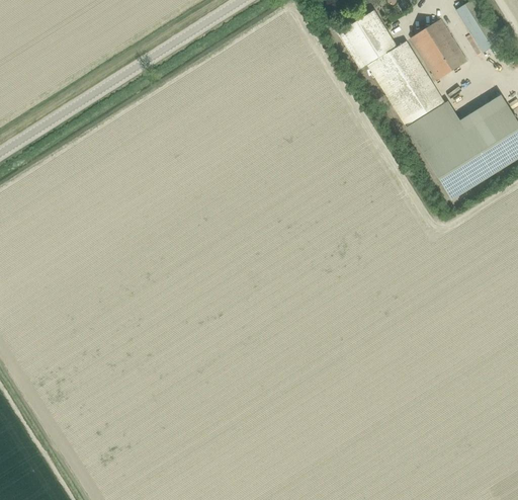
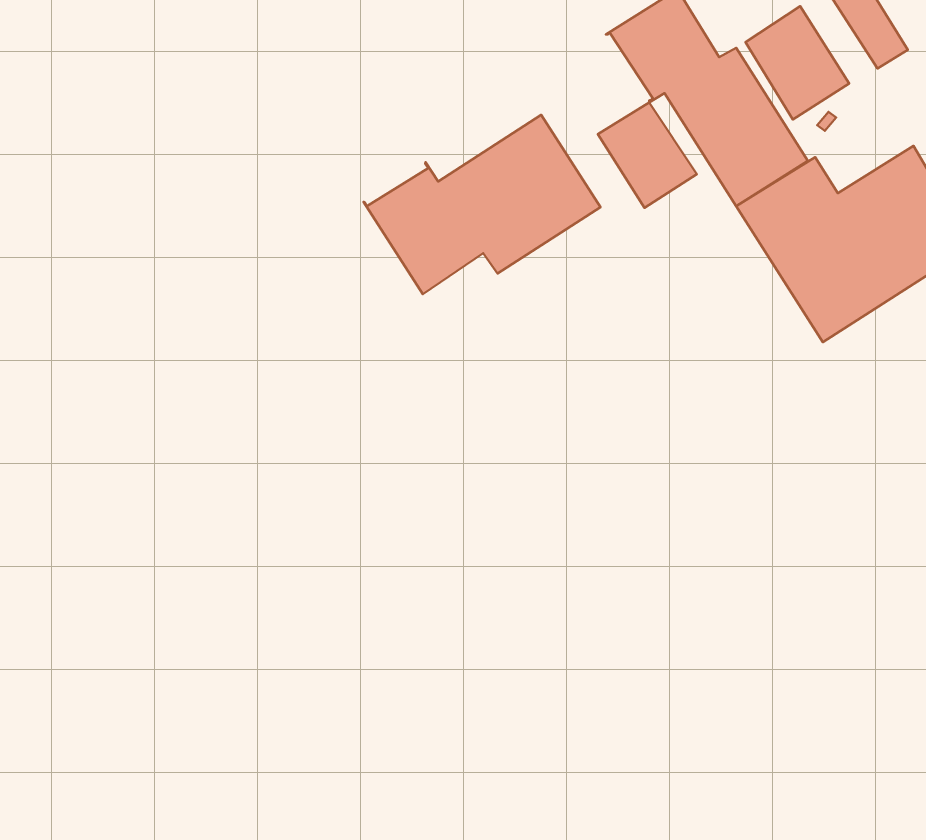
building: none -> [598,103,697,208]
building: none -> [363,115,600,294]

